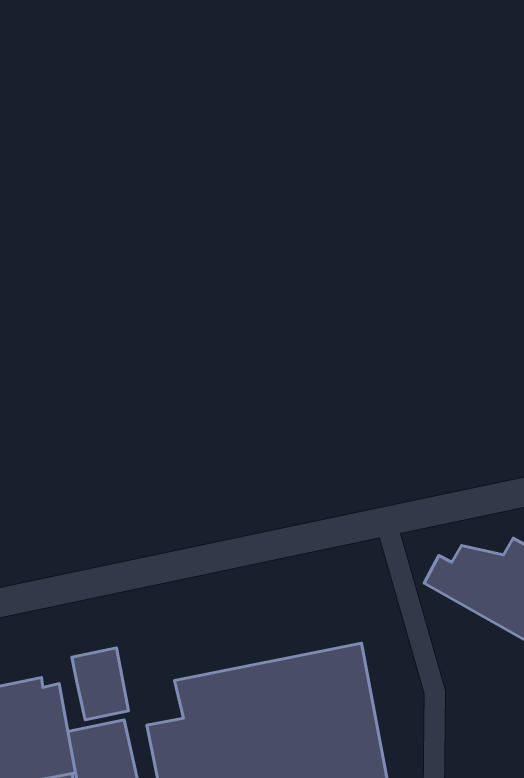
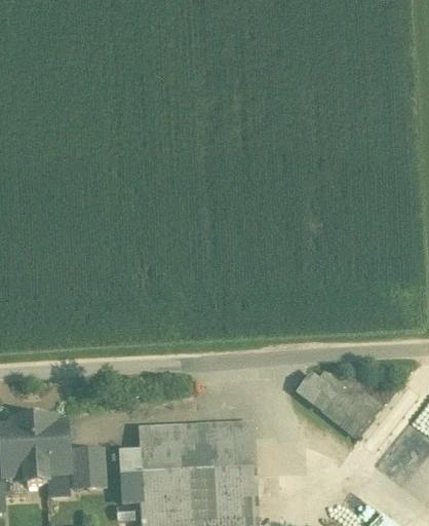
building: [72,648,128,720] -> none

